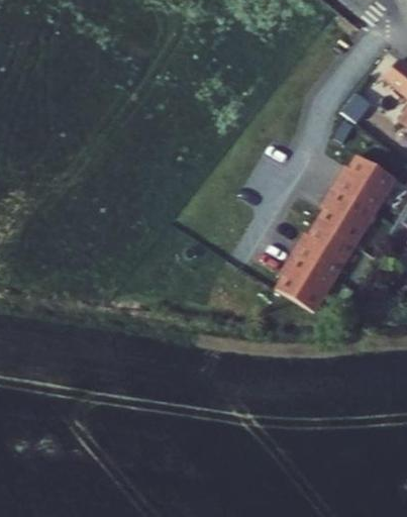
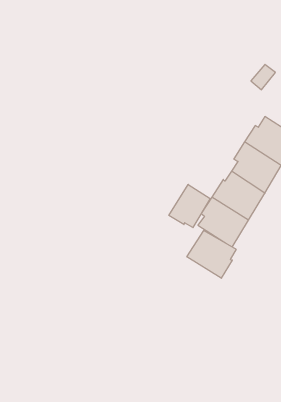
building: none -> [169,184,210,228]
building: none -> [187,230,236,278]

